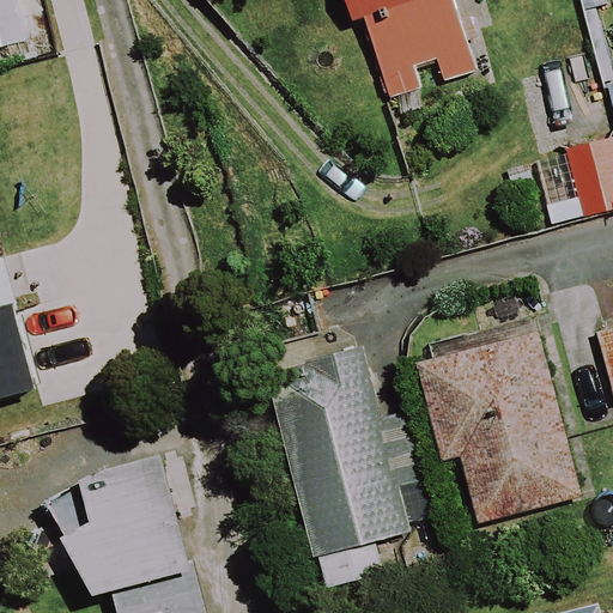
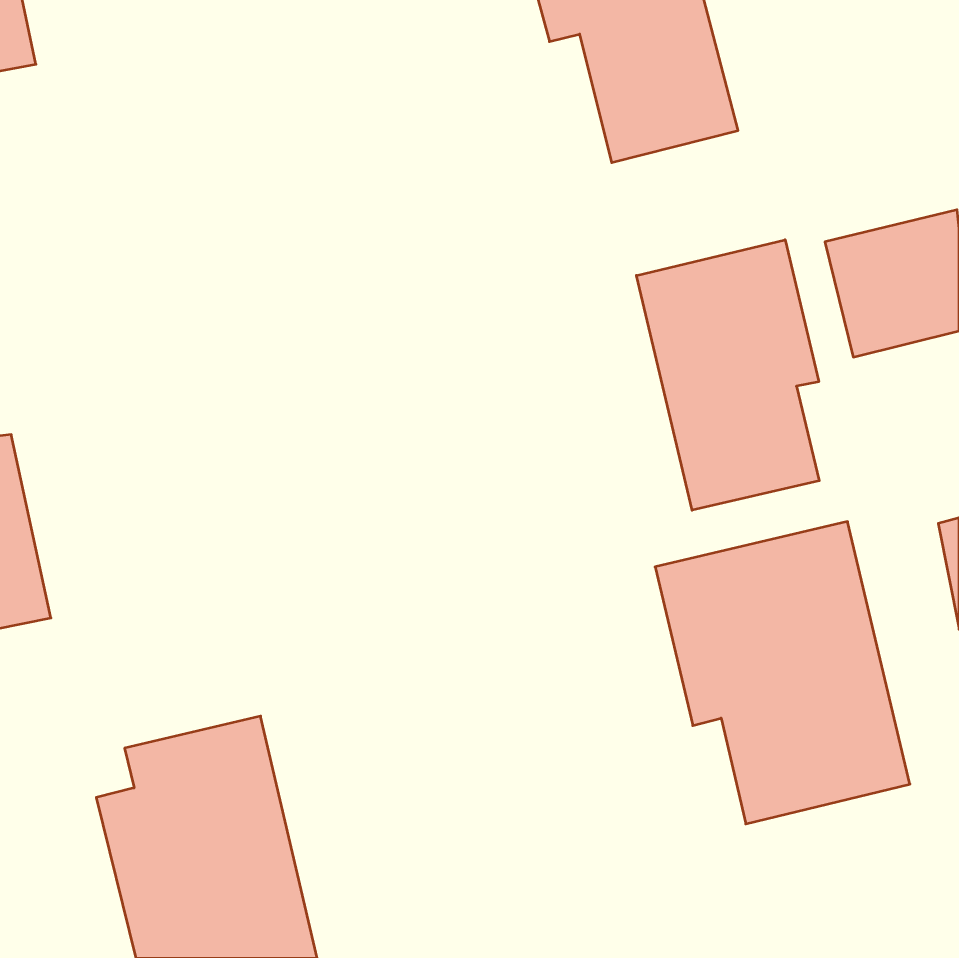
building: none -> [636,240,819,510]
building: [268,350,455,589] -> none

